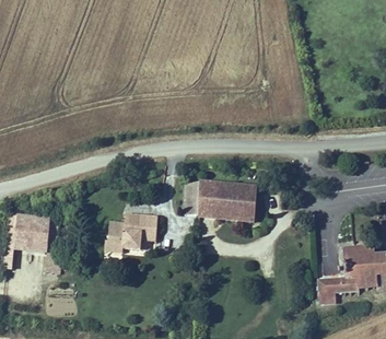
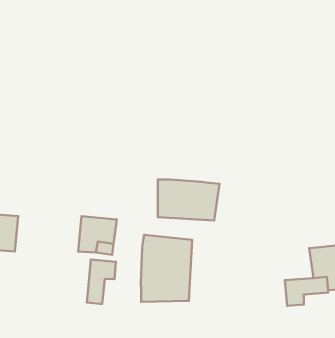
building: none -> [141,235,192,302]
building: none -> [87,259,116,304]

